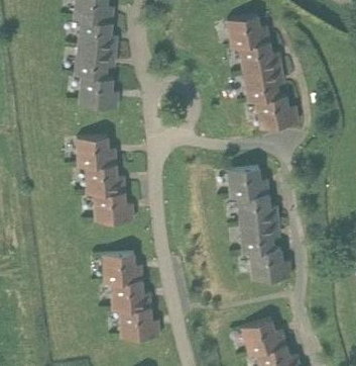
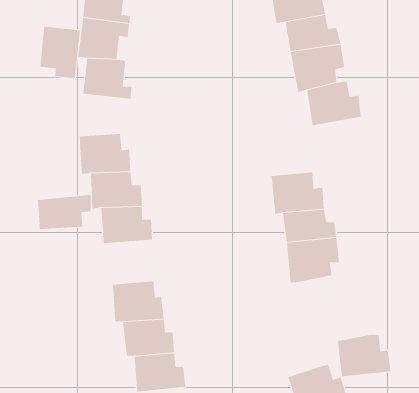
building: none -> [40,26,80,79]
building: none -> [37,194,91,230]
building: [249,249,291,282] -> [337,334,391,377]

